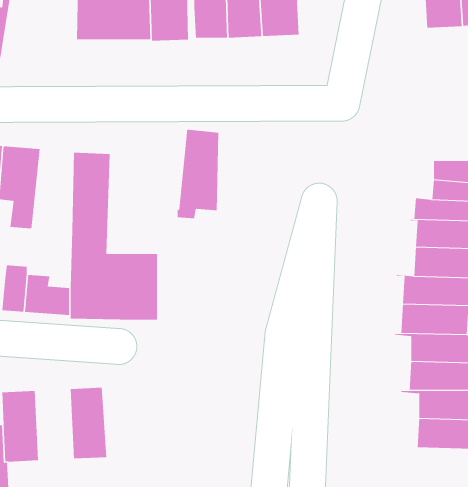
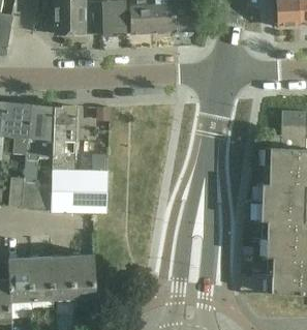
building: [177,129,219,219] -> [26,103,53,160]
building: none -> [71,253,96,299]
building: none -> [29,256,53,301]

